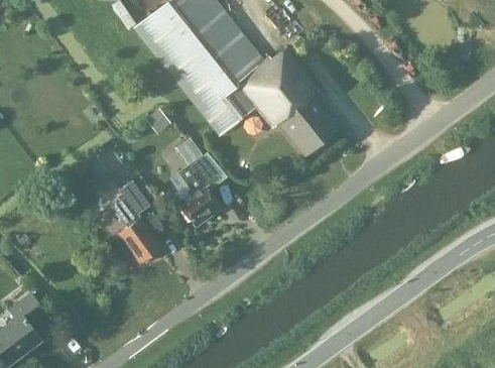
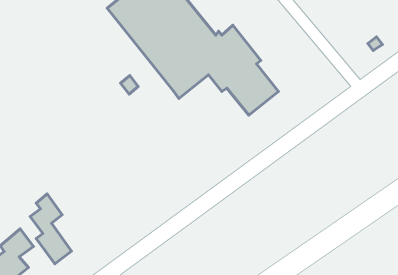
building: [176,139,228,226] -> none
building: [113,180,162,264] -> [30,194,72,264]

